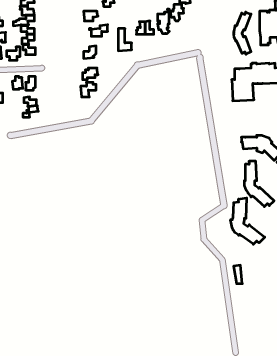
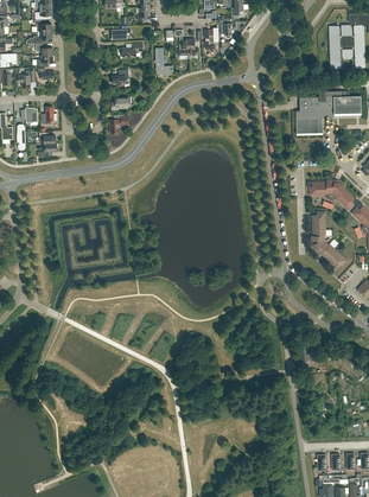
building: [234,12,251,54] -> none
building: [231,198,265,244] -> none

